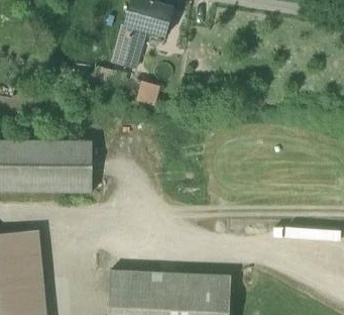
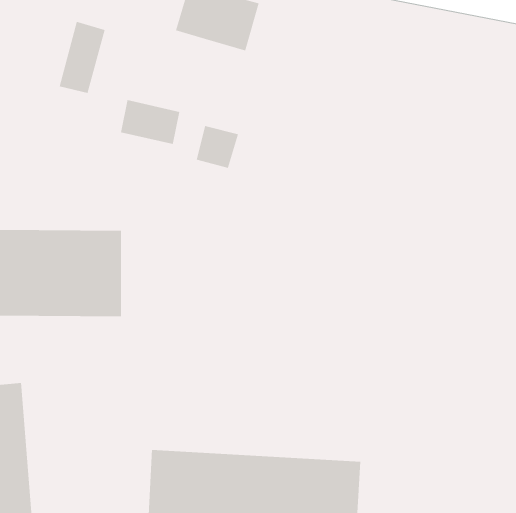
building: [113,24,140,67] -> [59,21,105,93]

